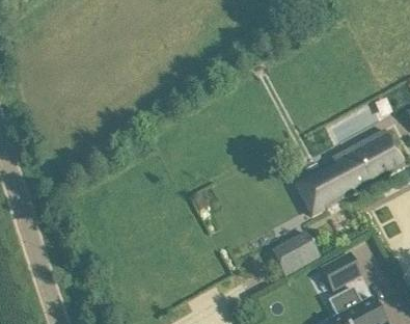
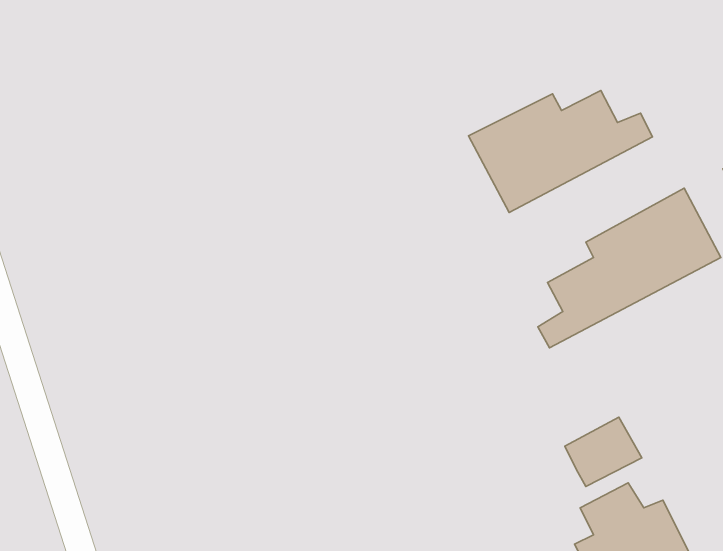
building: none -> [469,91,653,213]
building: [272,231,321,273] -> none

